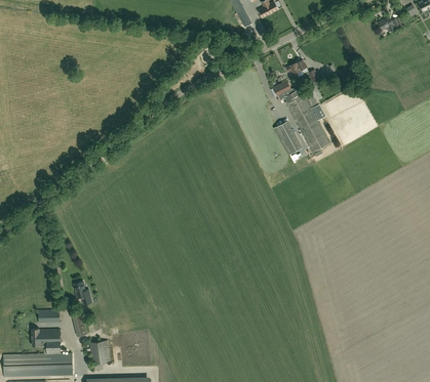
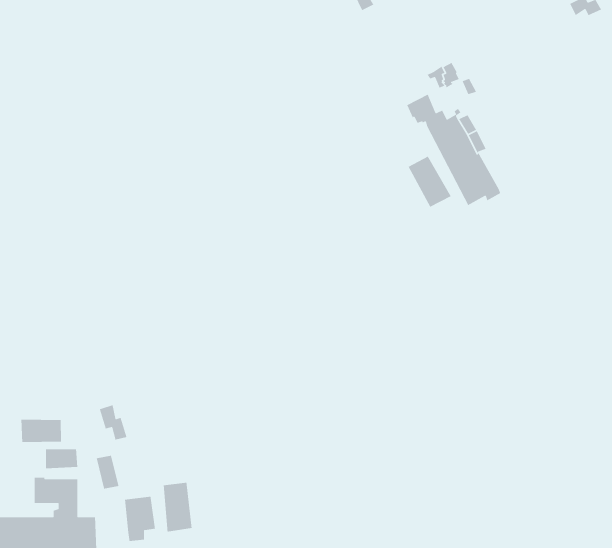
building: none -> [21,419,62,443]
building: none -> [163,482,193,532]

